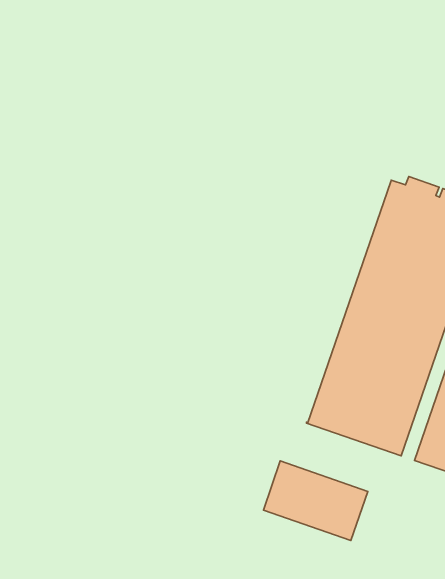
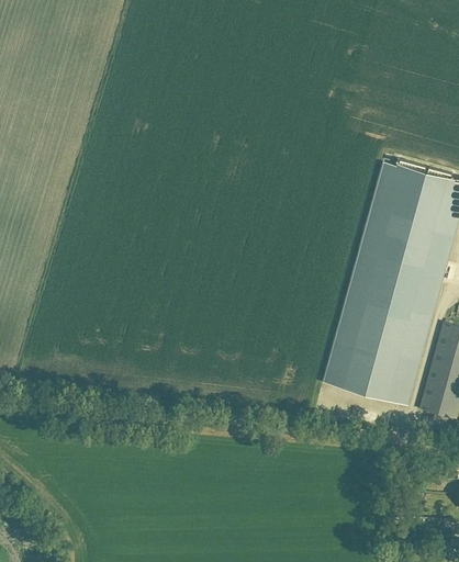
building: [263,461,368,540] -> none

